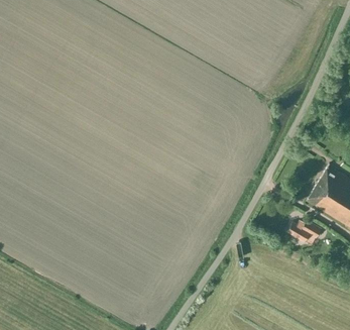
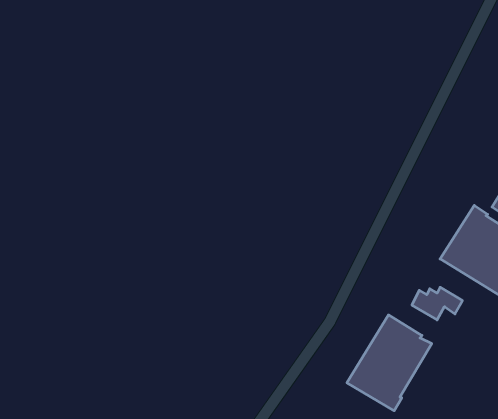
building: none -> [347,315,432,411]

